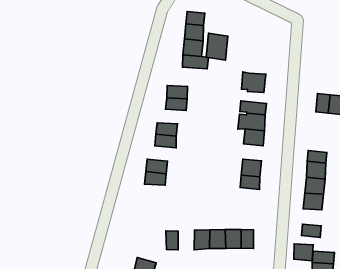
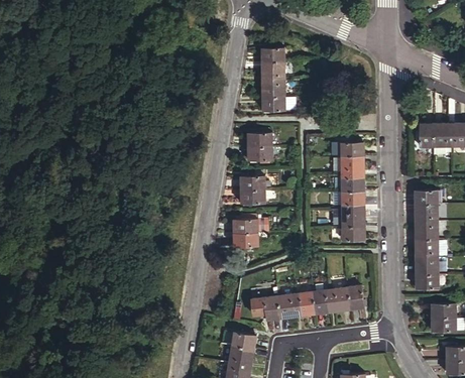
building: [206,33,228,60] -> none
building: [241,72,266,93] -> none
building: none -> [341,192,363,209]
building: none -> [277,294,298,319]
building: [294,244,313,261] -> [416,257,438,275]

